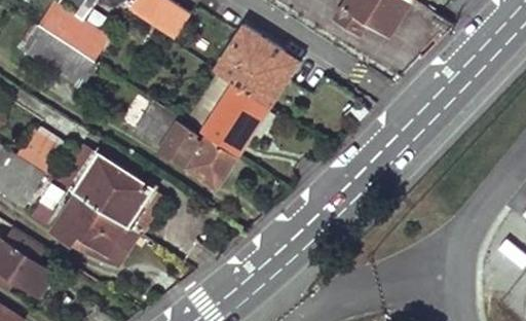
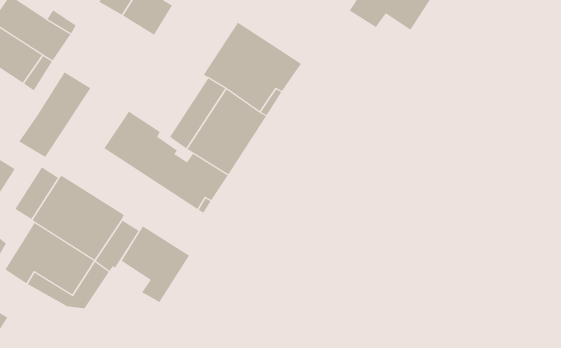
building: none -> [18,72,91,158]
building: none -> [121,226,190,303]

